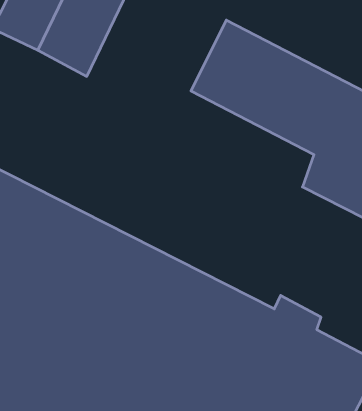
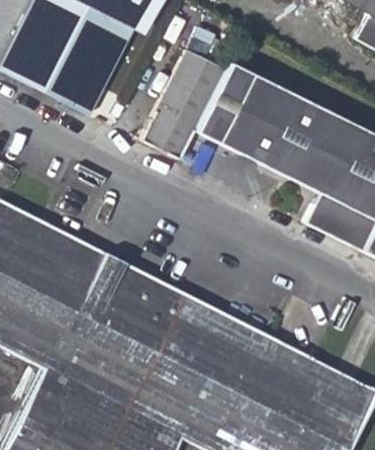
building: none -> [139,47,223,157]

